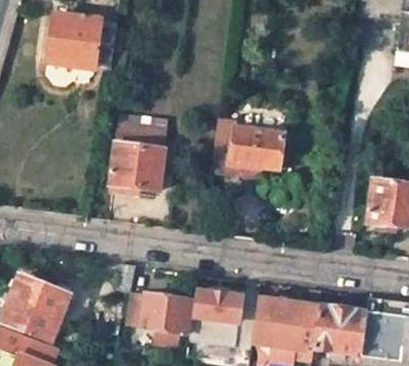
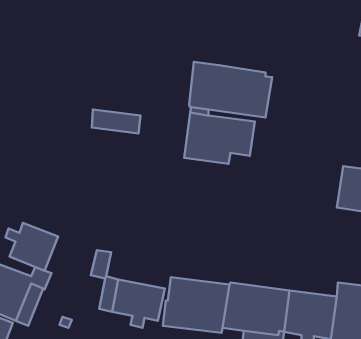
building: [50,15,117,71] -> none
building: none -> [189,62,272,117]
building: [111,139,165,190] -> none
building: none -> [6,223,58,271]

